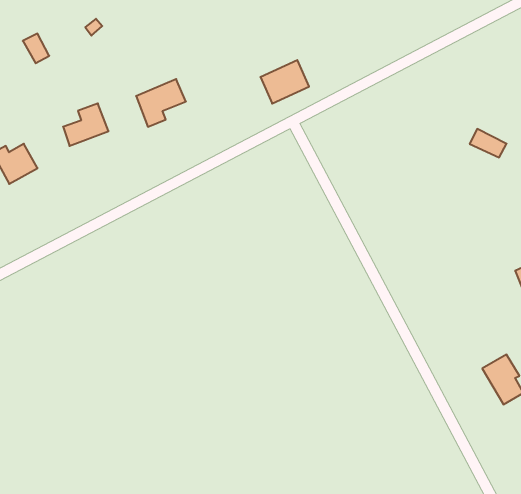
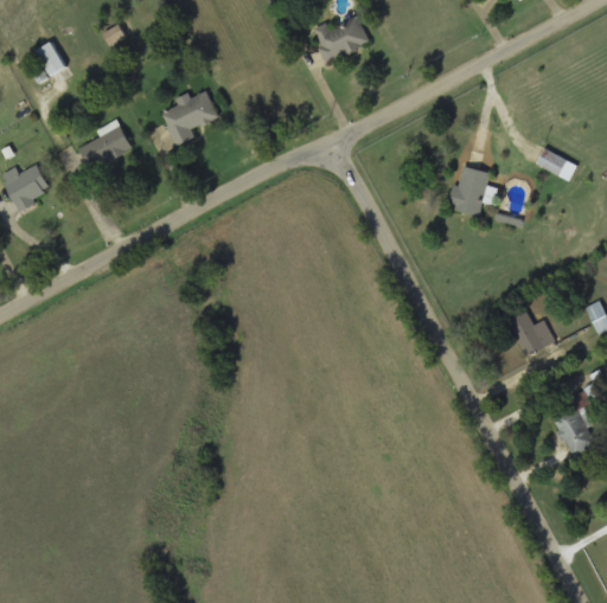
building: [260,60,309,104] -> [314,13,369,62]
building: none -> [449,165,491,216]
building: none -> [506,310,555,358]

